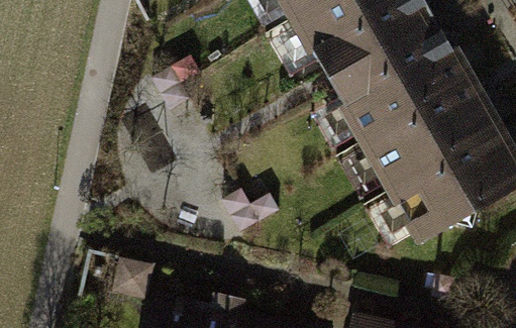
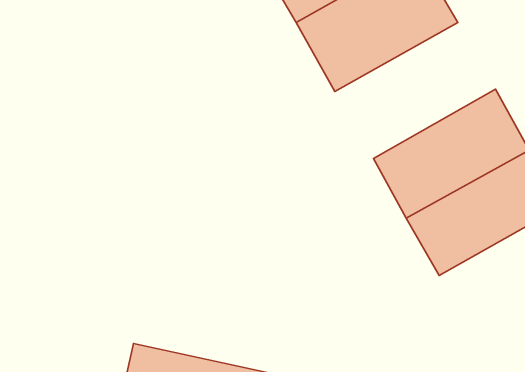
building: [331,25,470,142] -> none

